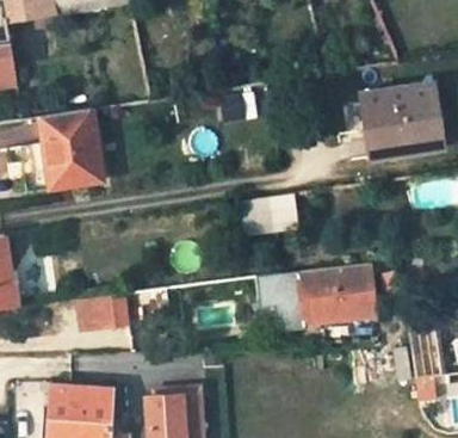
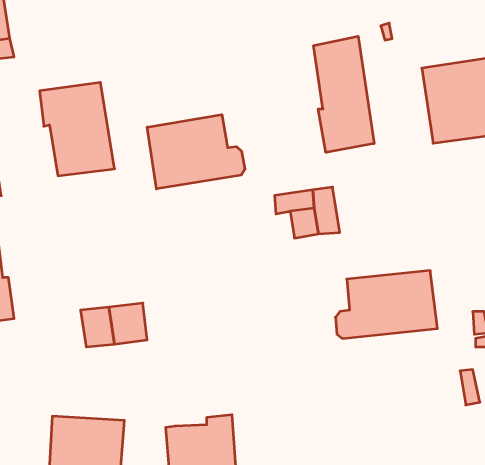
building: none -> [314,36,374,152]
building: none -> [147,115,245,189]

